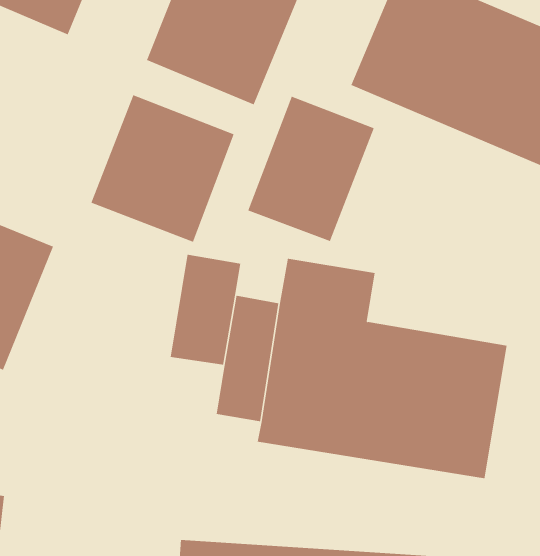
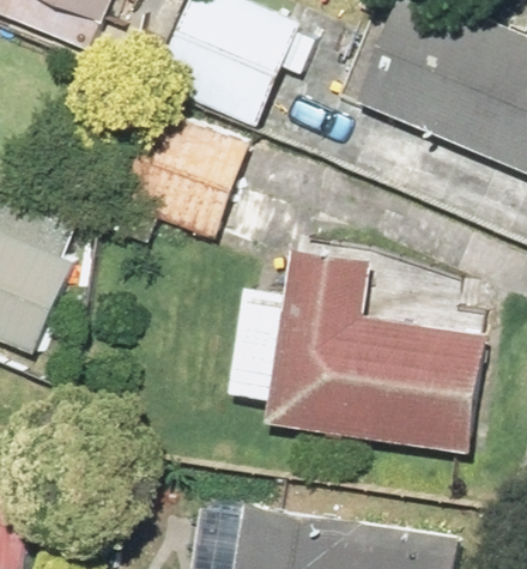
building: [248,96,375,242] -> none

